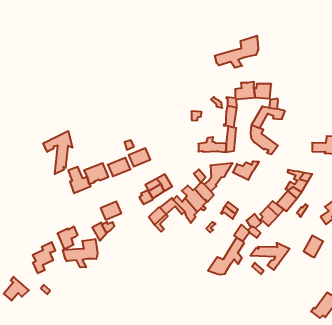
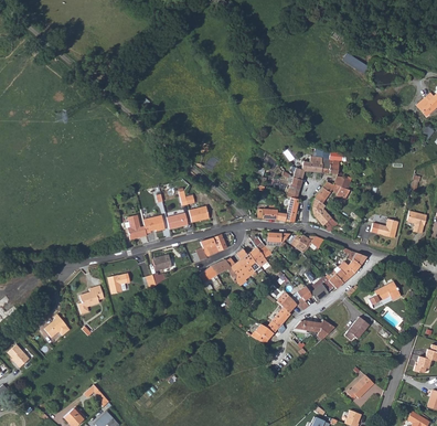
building: [215,36,258,68] -> none
building: [43,131,72,174] -> none
building: [63,239,98,267] -> none

